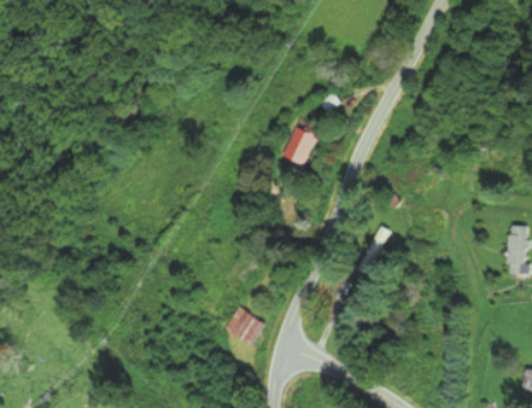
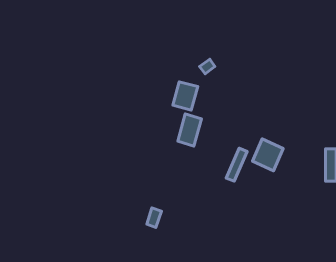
building: none -> [178,114,202,146]
building: none -> [252,139,283,171]

